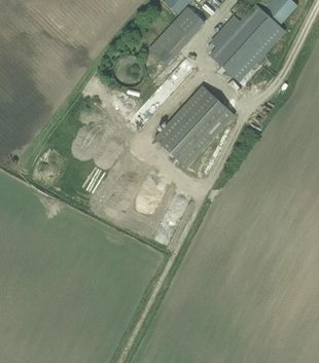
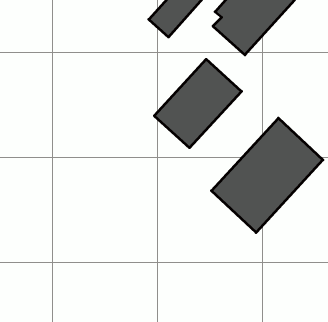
building: none -> [211,118,323,233]

